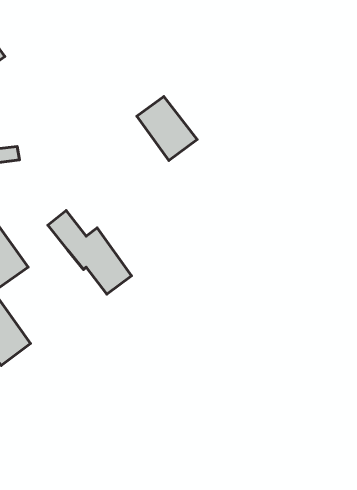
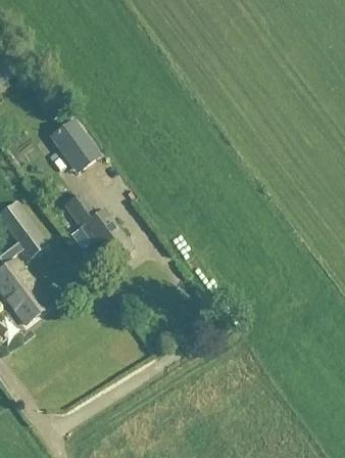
building: [137,97,197,161] -> [49,120,99,173]

